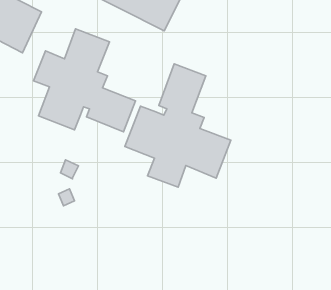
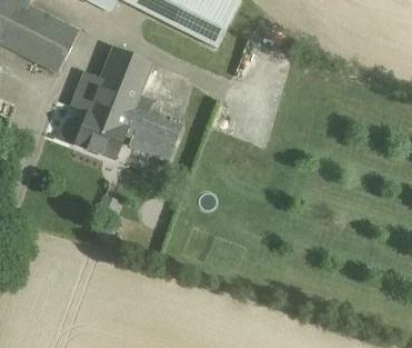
building: [125,64,231,187] -> none

